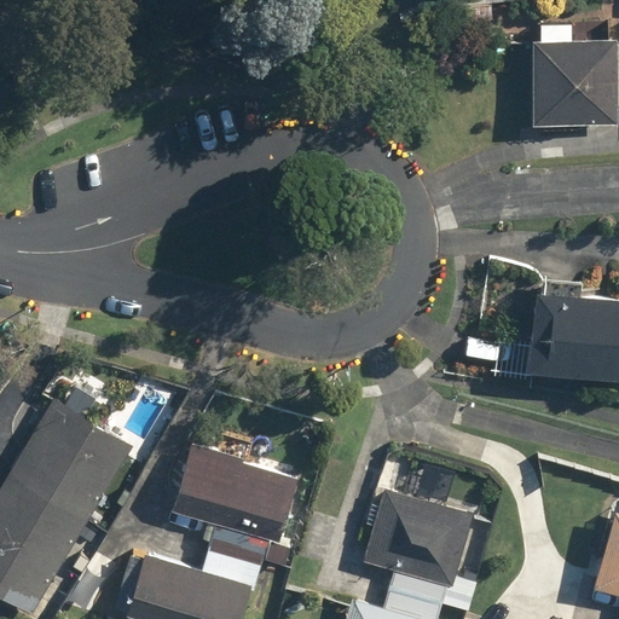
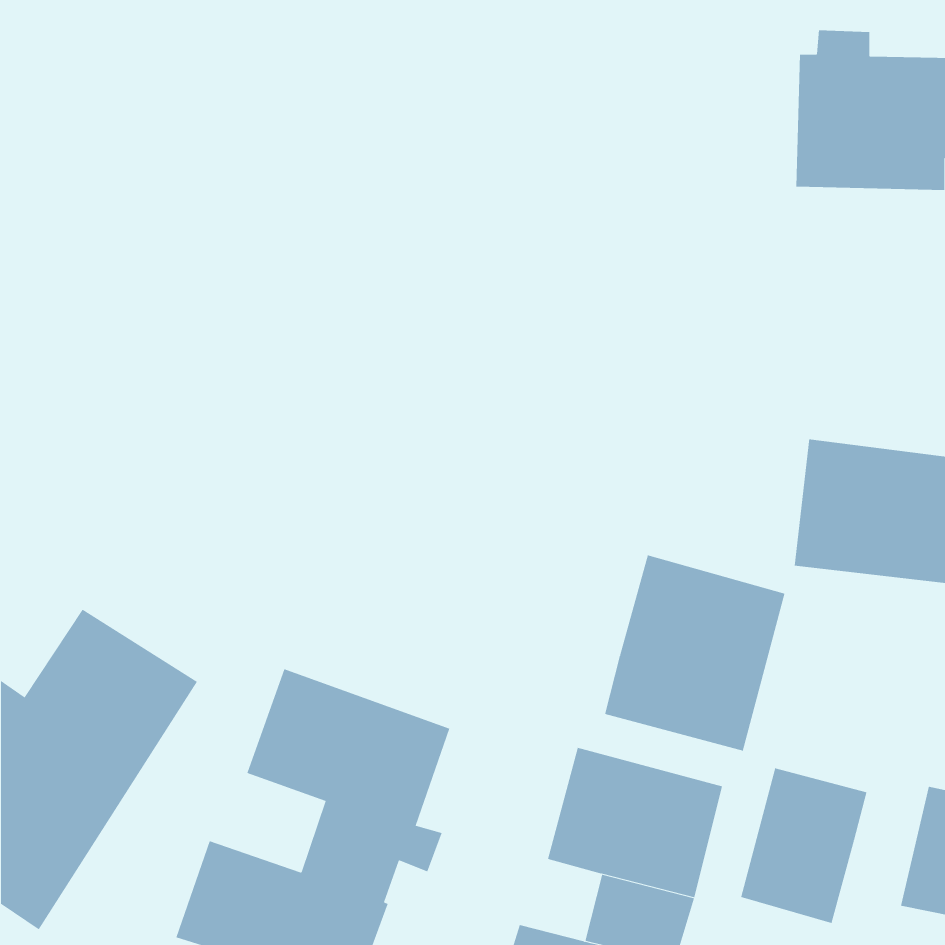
building: none -> [605,554,785,751]
building: none -> [740,767,867,924]

